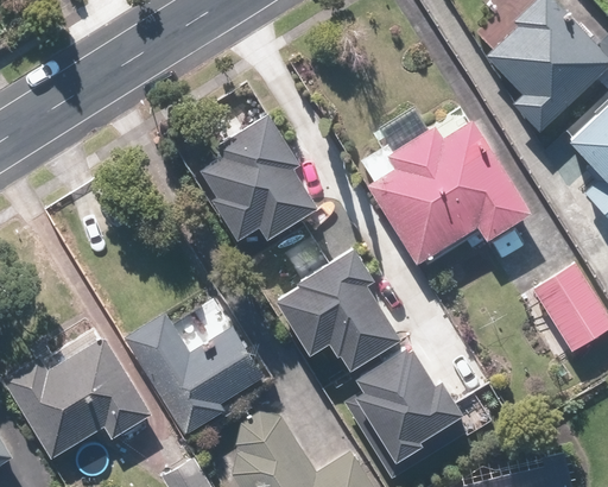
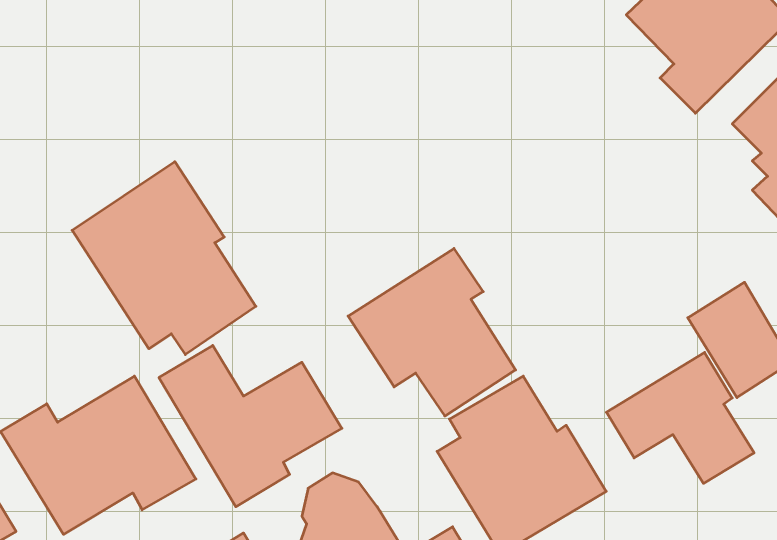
building: [197,112,321,240] -> none
building: [366,120,532,265] -> none
building: none -> [72,162,256,355]
building: none -> [606,352,754,483]

